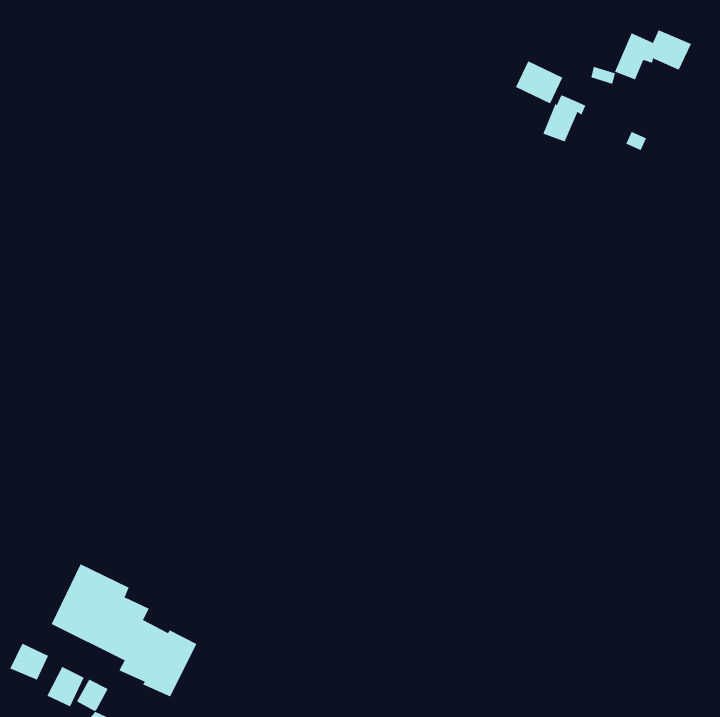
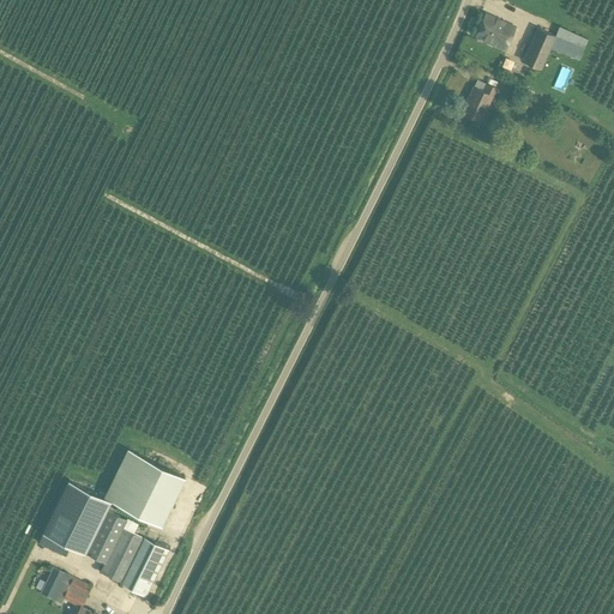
building: [515,60,563,104] -> [475,16,516,53]
building: none -> [104,451,185,526]
building: [10,643,49,680] -> none

